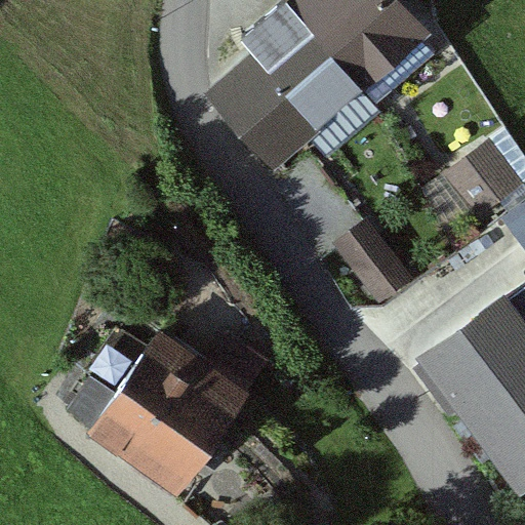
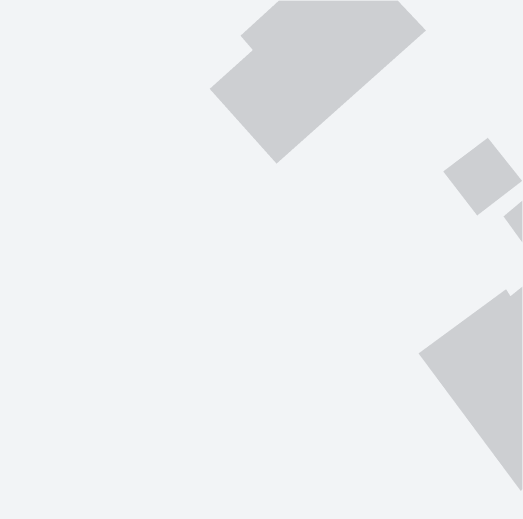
building: [331,219,414,308] -> none
building: [67,335,268,496] -> none

